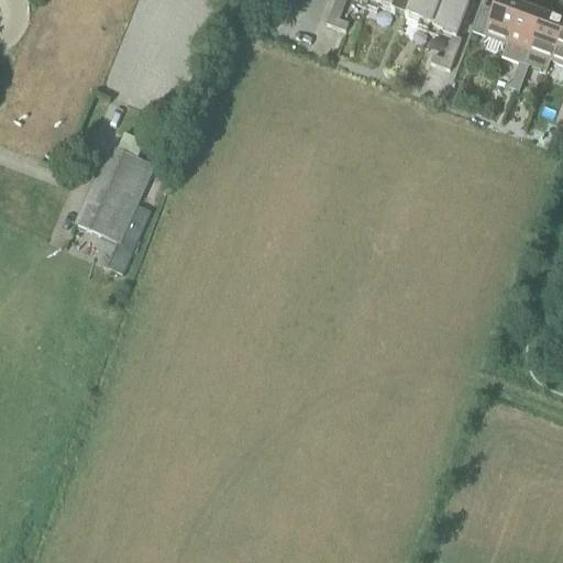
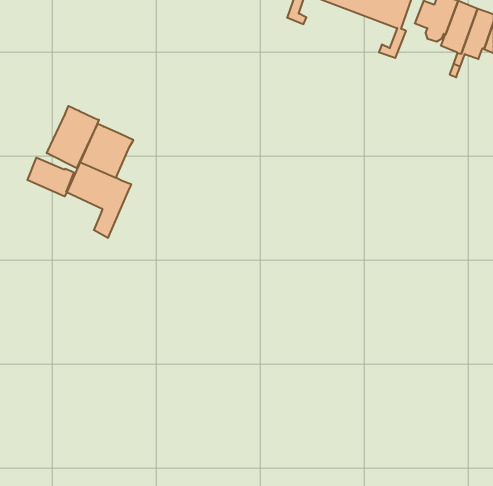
building: none -> [47,106,99,168]
building: none -> [27,158,74,196]

